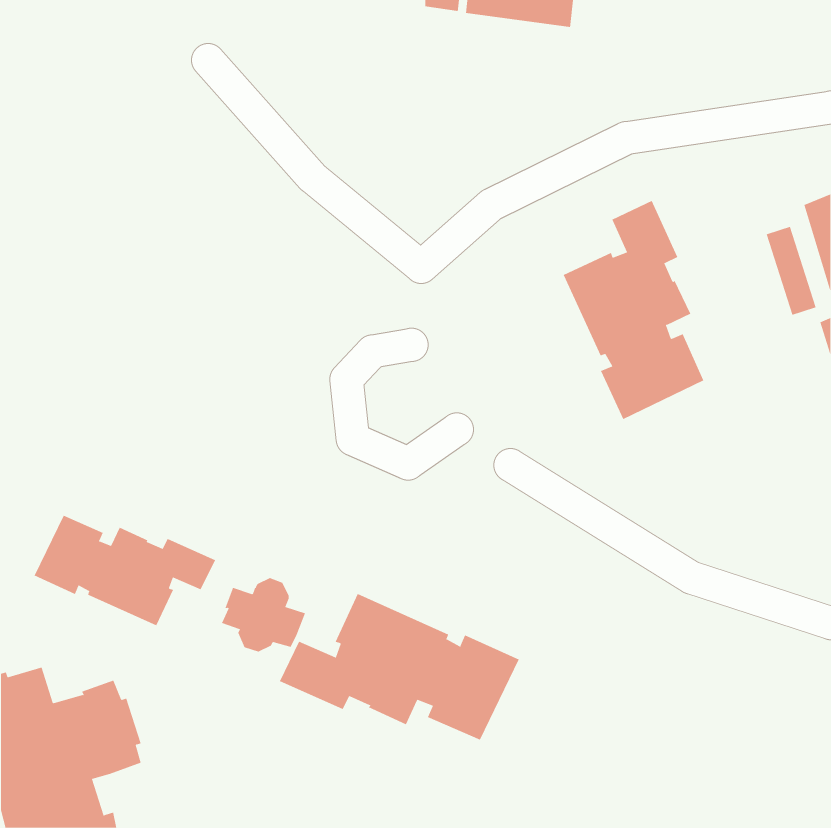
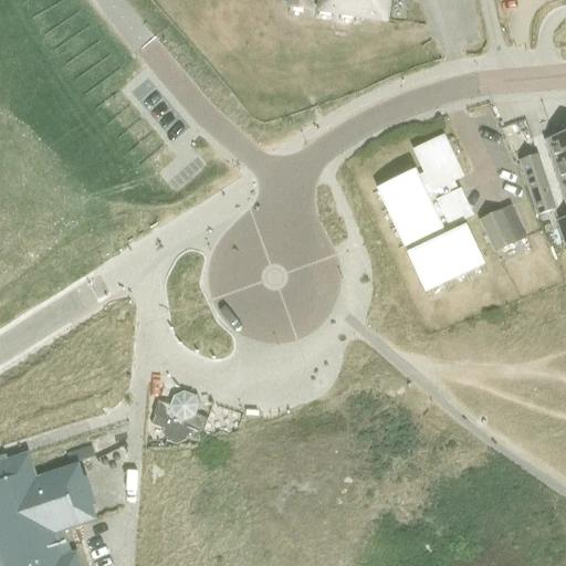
building: none -> [480,206,525,251]
building: [34,515,216,626] -> none
building: [279,593,519,740] -> none

